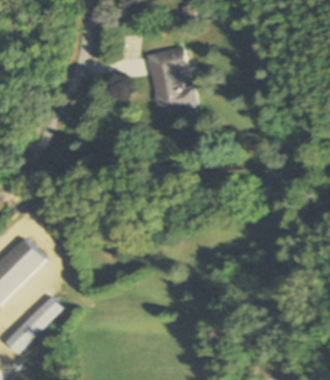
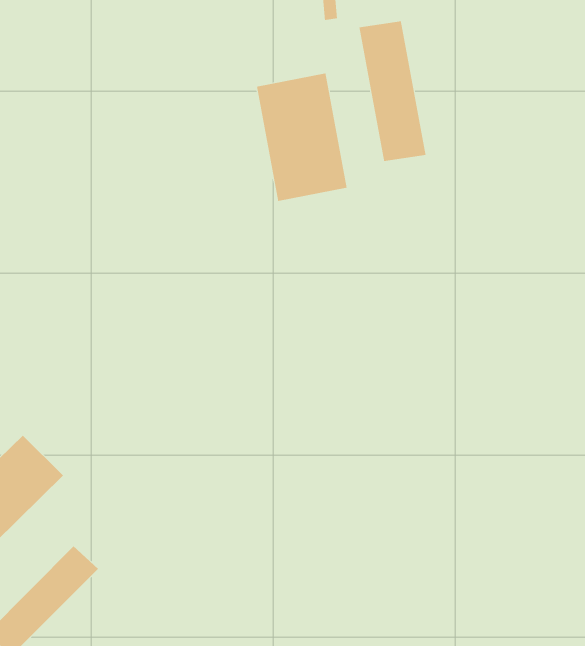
building: none -> [359,21,426,162]

